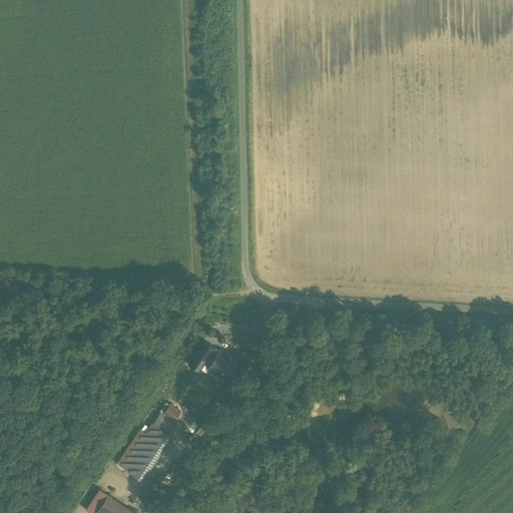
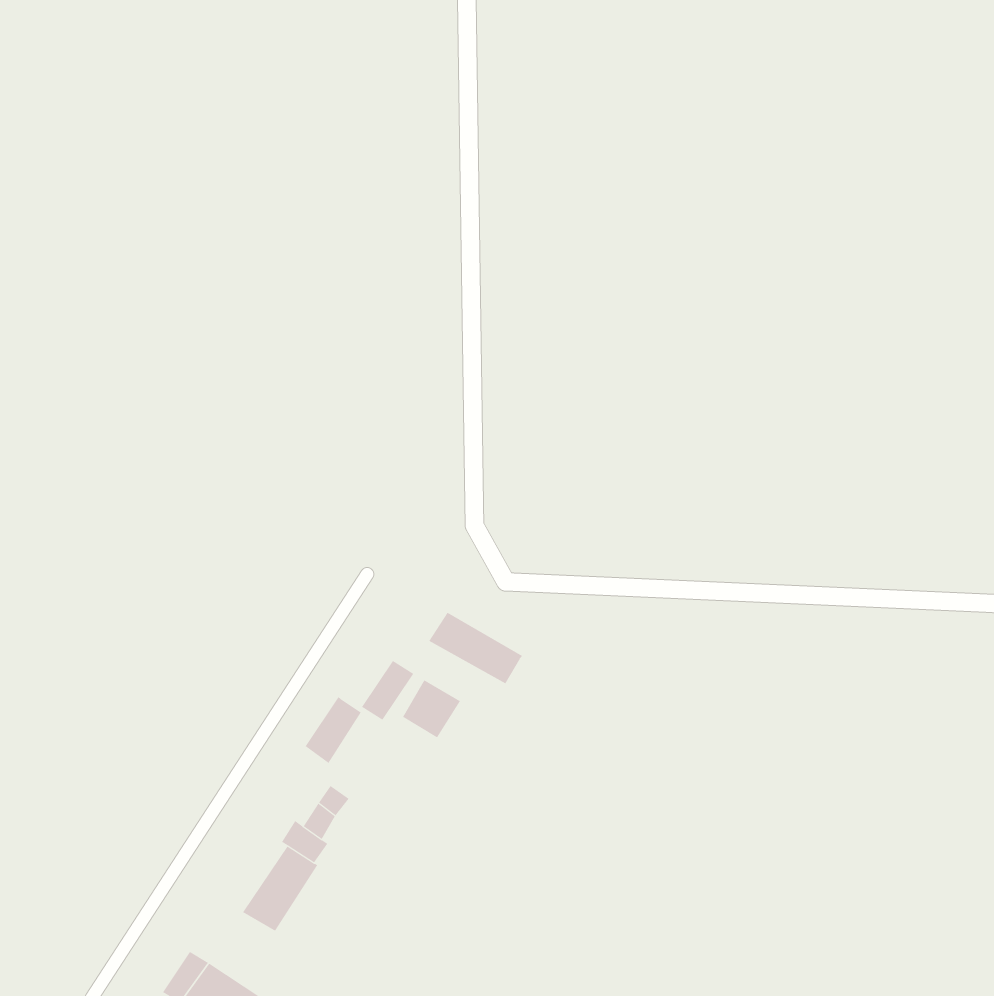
building: none -> [428,612,523,684]
building: none -> [305,696,361,764]

